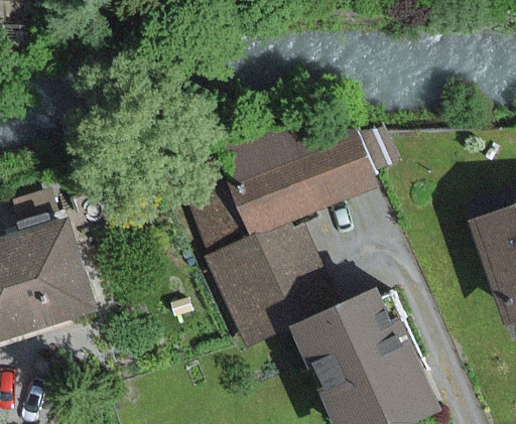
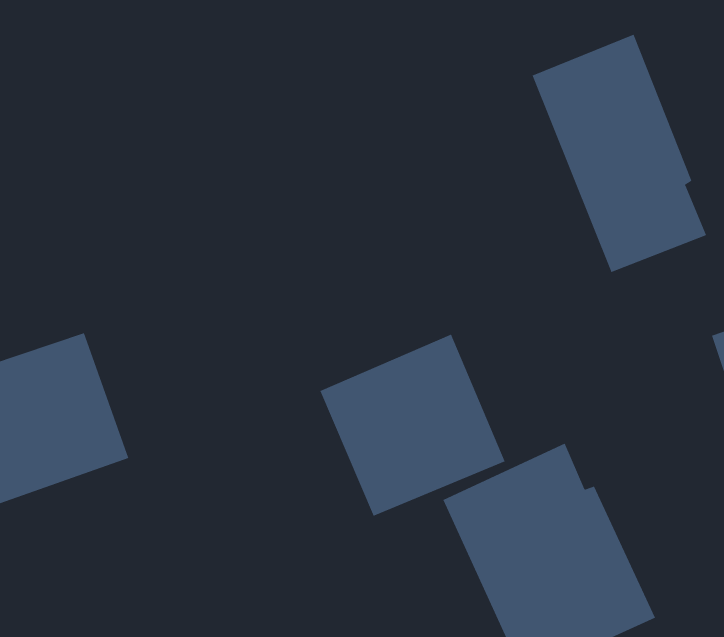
building: none -> [532,34,707,273]
building: [220,136,379,232] -> none

